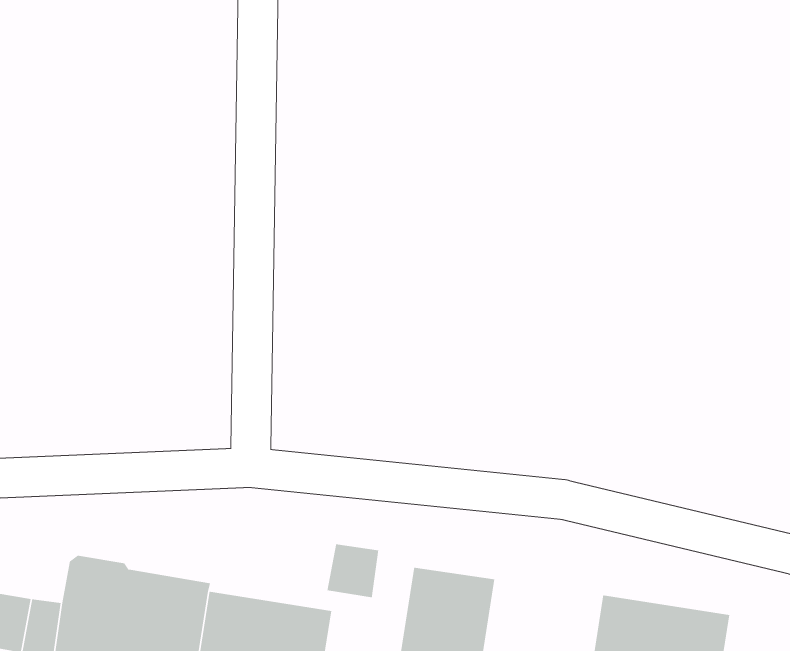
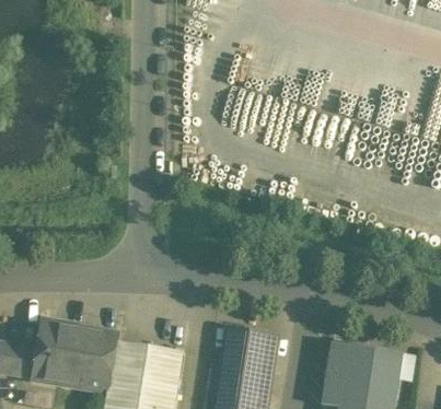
building: [327,543,379,598] -> none

